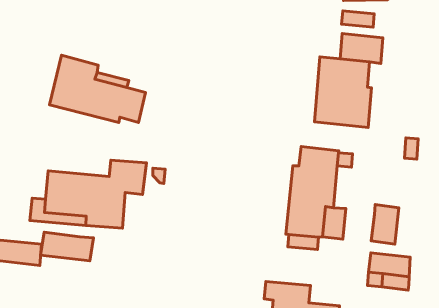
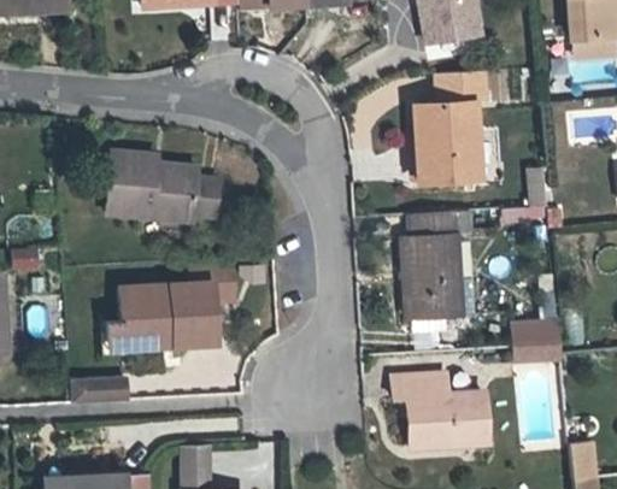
building: [371,204,399,244] -> none
building: [41,232,93,261] -> none

